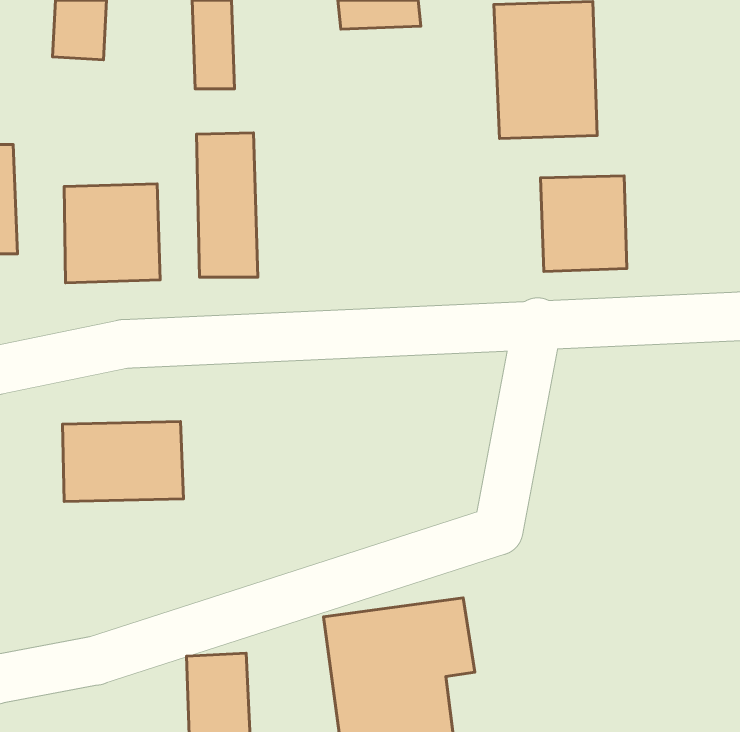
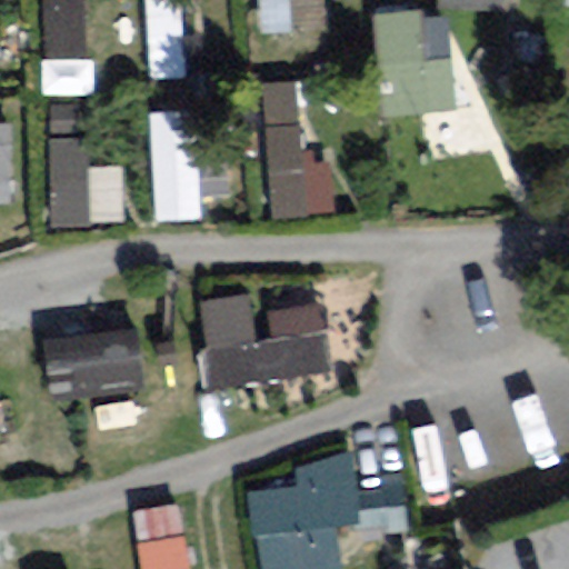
building: none -> [261,80,333,217]
building: [541,176,627,272] -> none
building: none -> [197,283,333,387]

